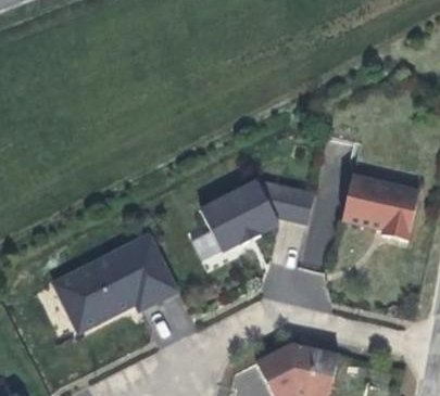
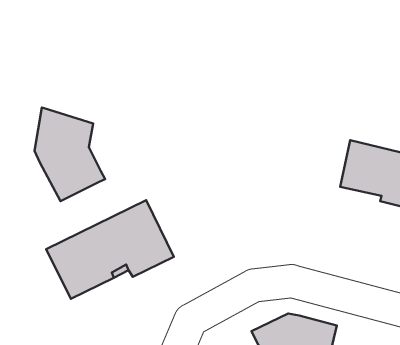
building: none -> [35,108,105,201]
building: [198,182,310,253] -> none

